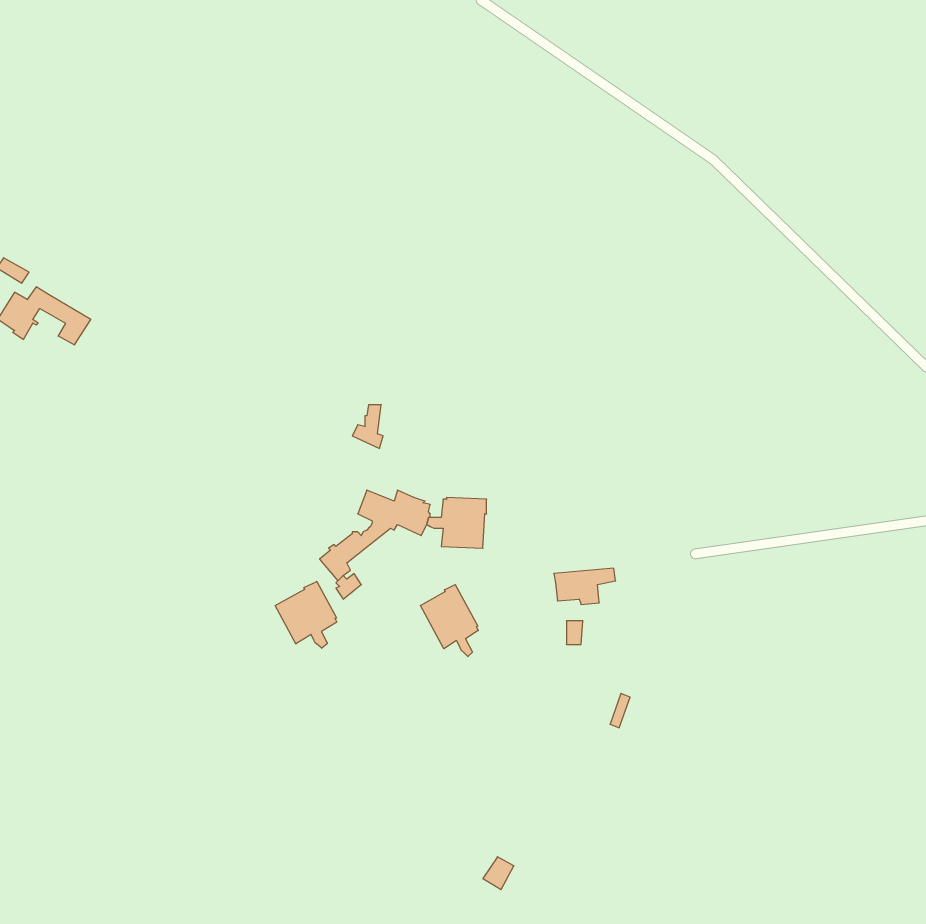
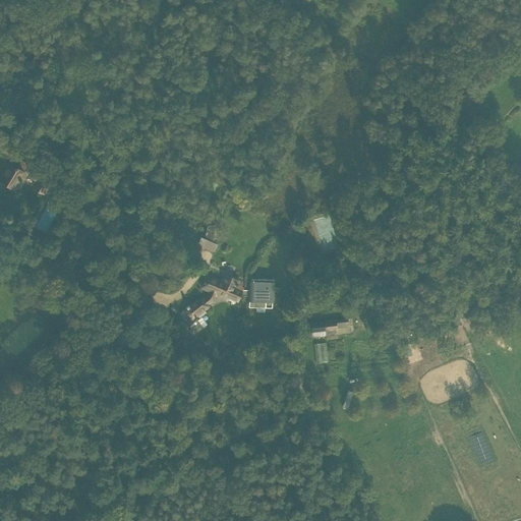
building: [275,581,337,648] -> none
building: [420,585,478,657] -> none

